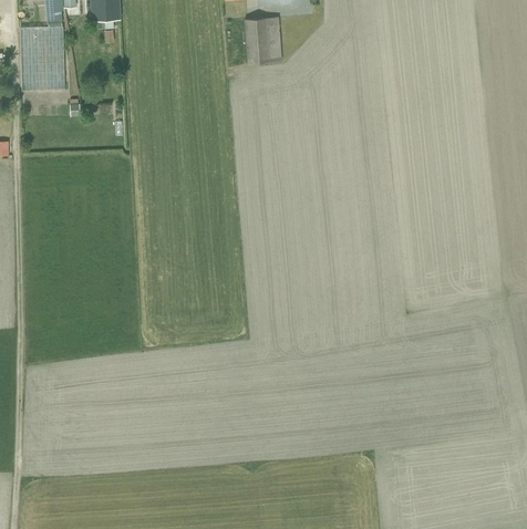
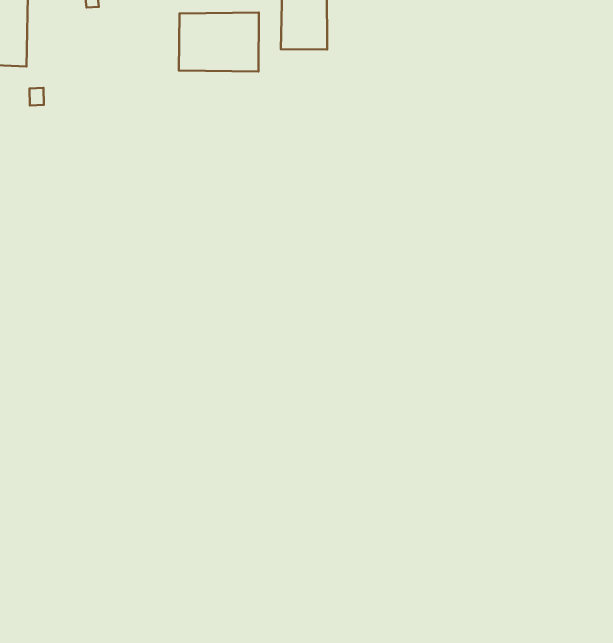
building: none -> [179,12,259,72]

